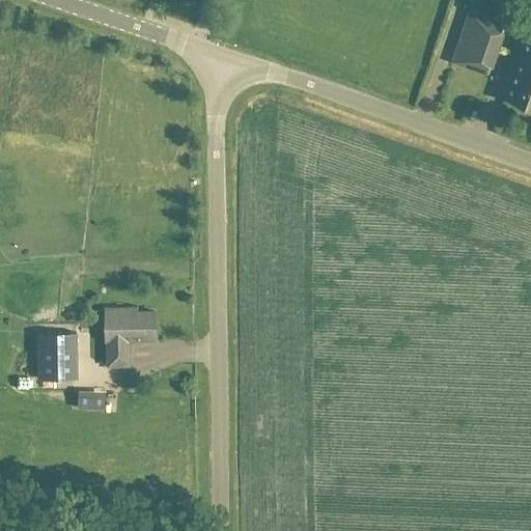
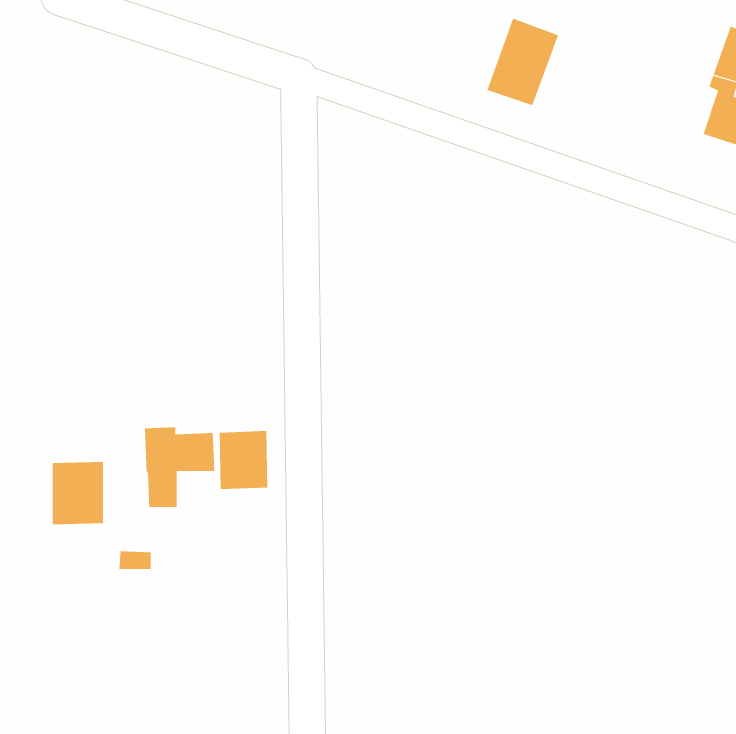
building: [452,10,504,74] -> [487,18,559,106]
building: none -> [219,430,268,490]

